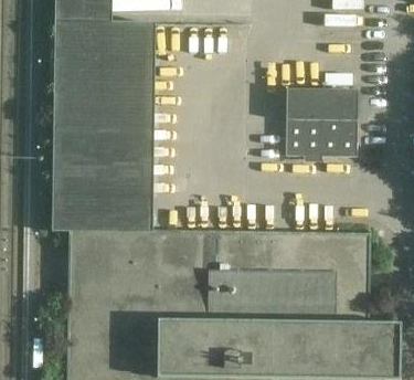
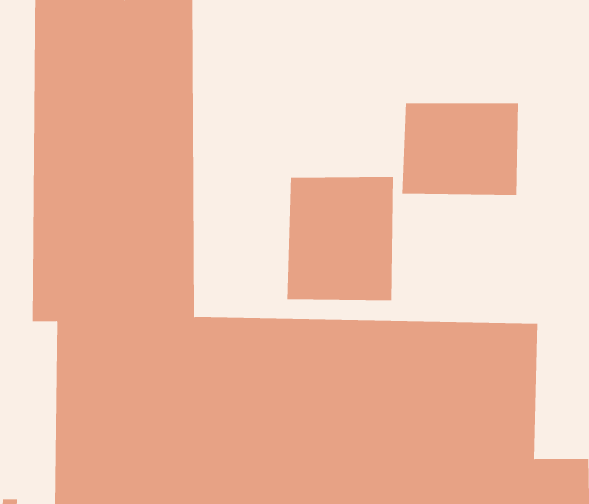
building: none -> [287,176,394,301]

